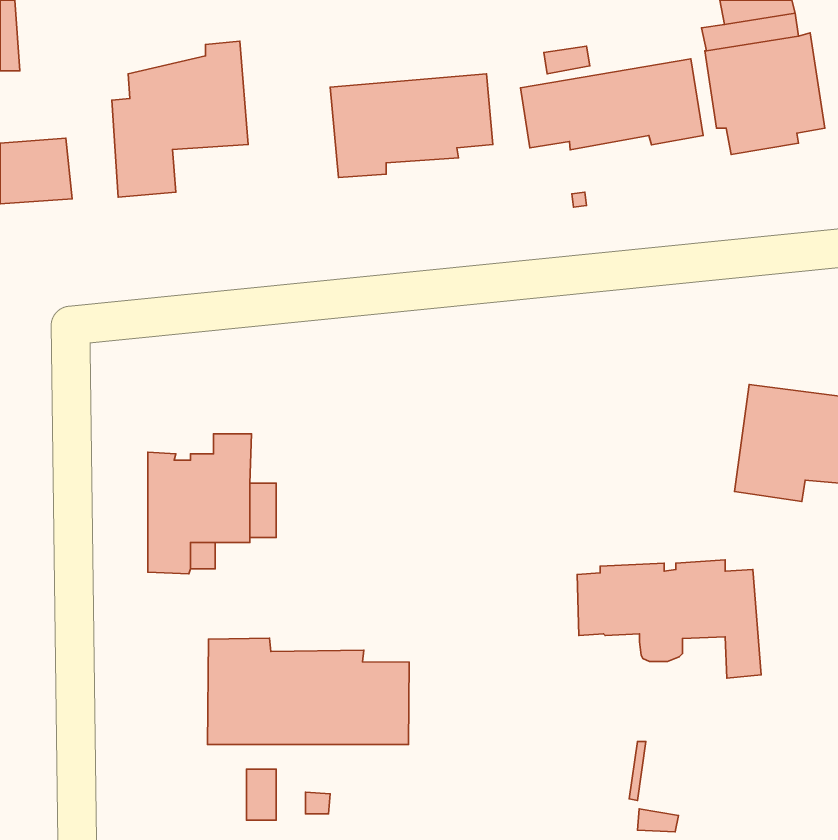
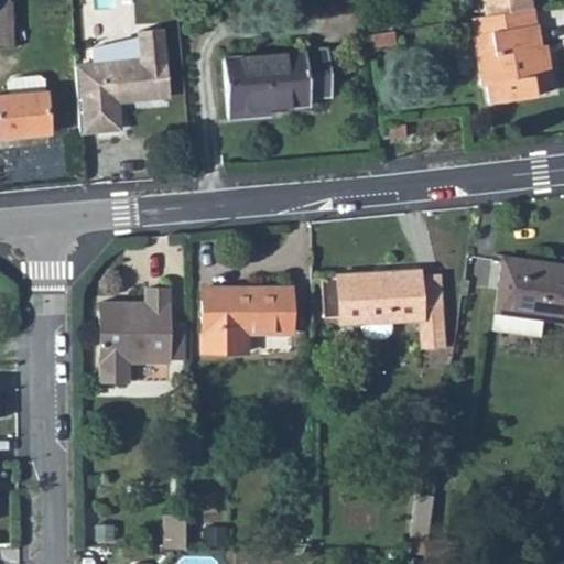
building: [520,59,703,150] -> none
building: none -> [202,289,293,352]
building: [577,560,761,678] -> [322,270,445,349]
building: [208,638,409,745] -> none

